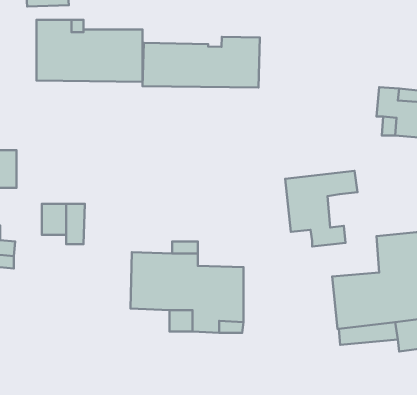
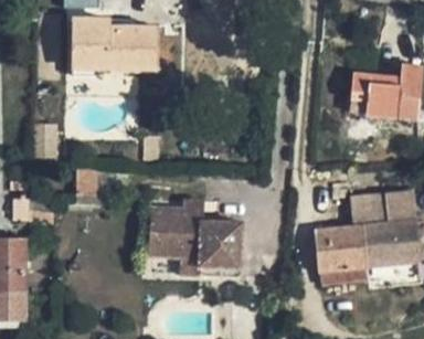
building: [143,37,260,88] -> none
building: [285,171,358,247] -> none

